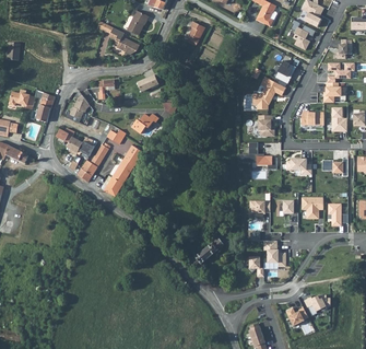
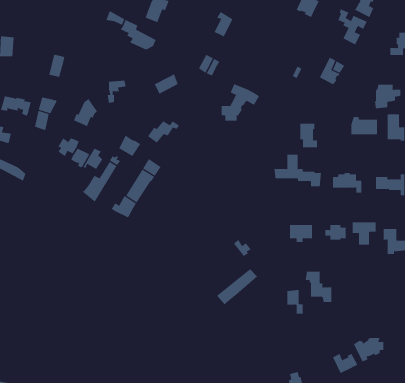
building: [253,78,286,109] -> [221,83,260,121]

